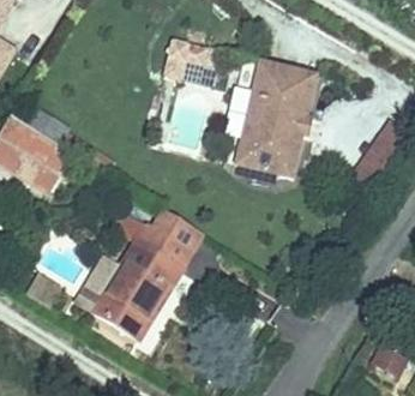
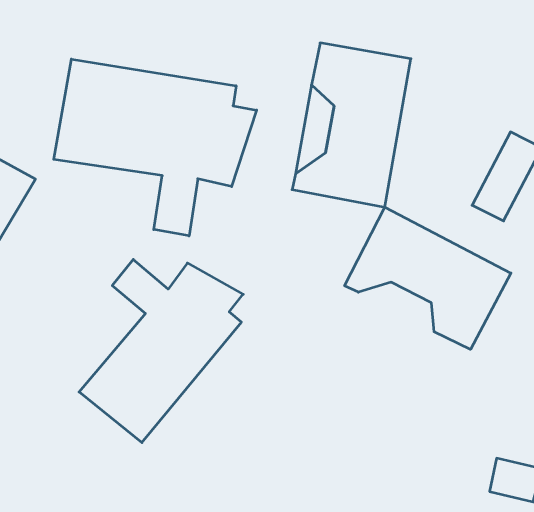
building: none -> [54,59,257,236]
building: none -> [345,207,511,349]

